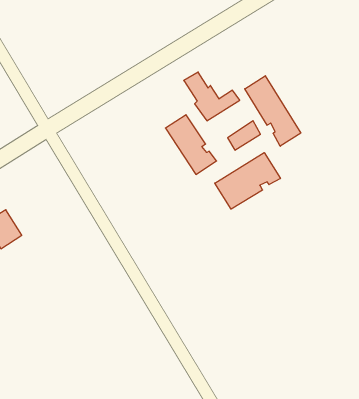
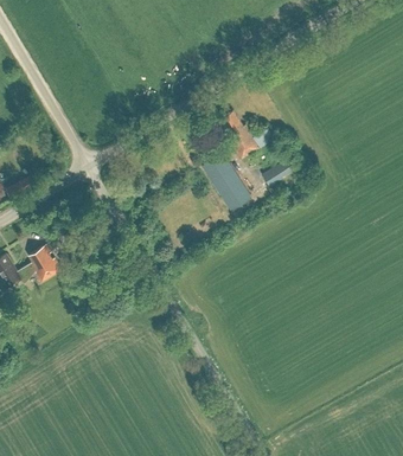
building: [245,76,301,146] -> none
building: [215,153,280,209] -> none

